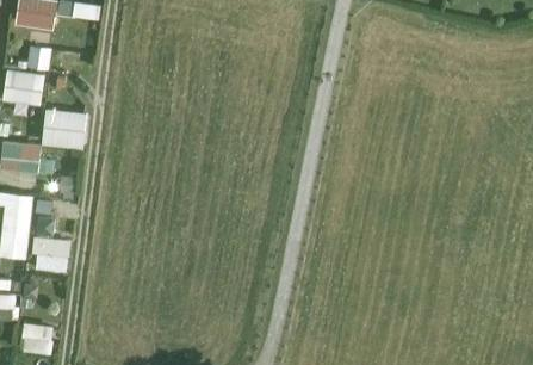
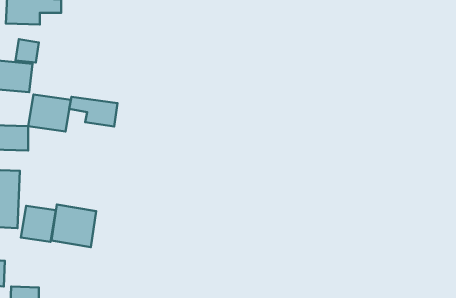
building: none -> [69,97,118,127]
building: none -> [51,205,96,247]

